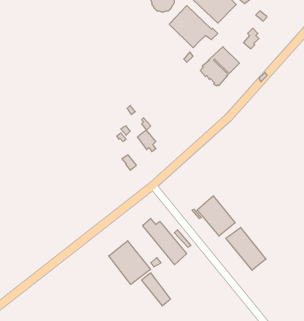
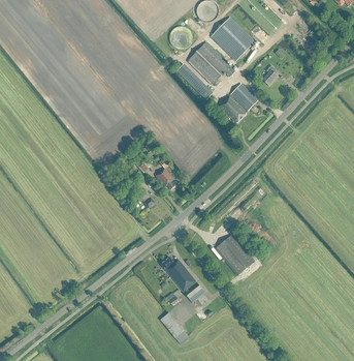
building: [226,227,266,270] -> none
building: [109,241,151,284] -> none

